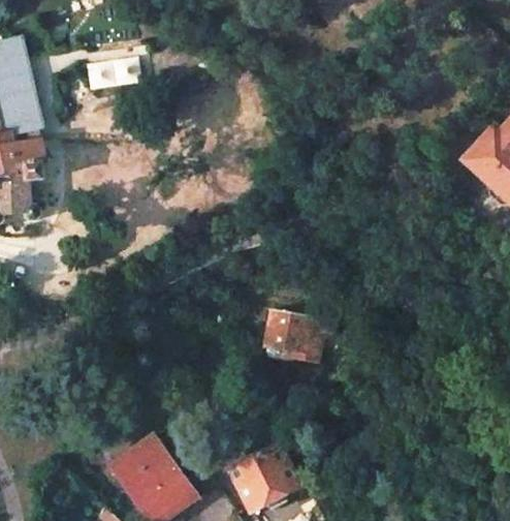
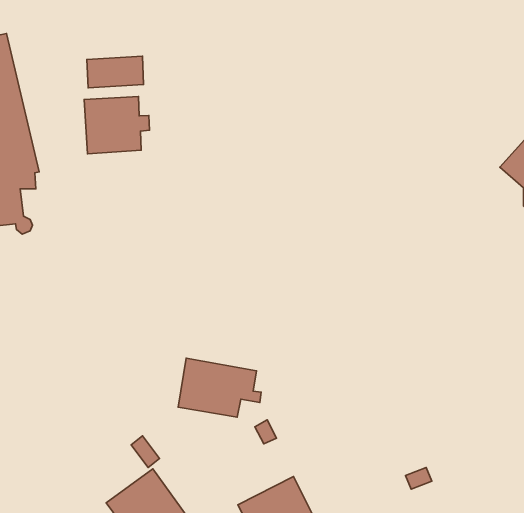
building: none -> [84,97,149,154]
building: [263,309,339,363] -> [178,358,261,417]

